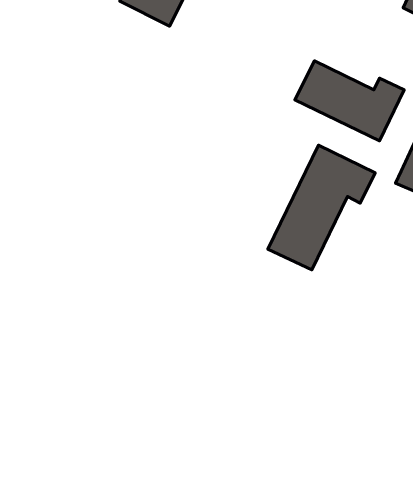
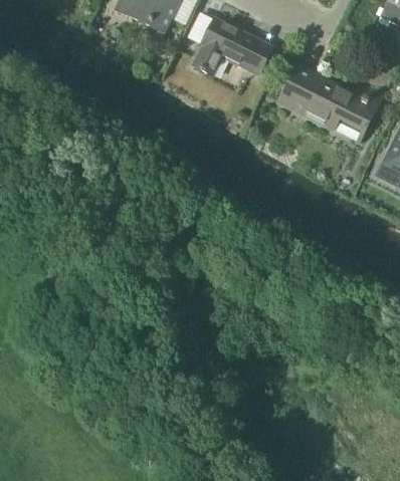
building: none -> [193,17,272,73]
building: [268,145,375,270] -> none

